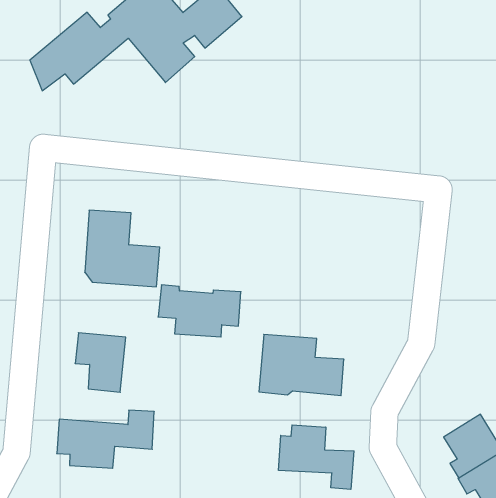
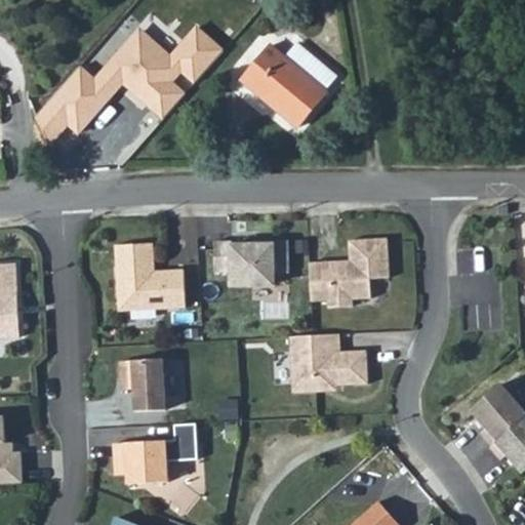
building: none -> [245,42,338,122]
building: none -> [306,238,386,307]
building: [158,285,241,337] -> [210,239,286,286]
building: [279,425,354,489] -> none

